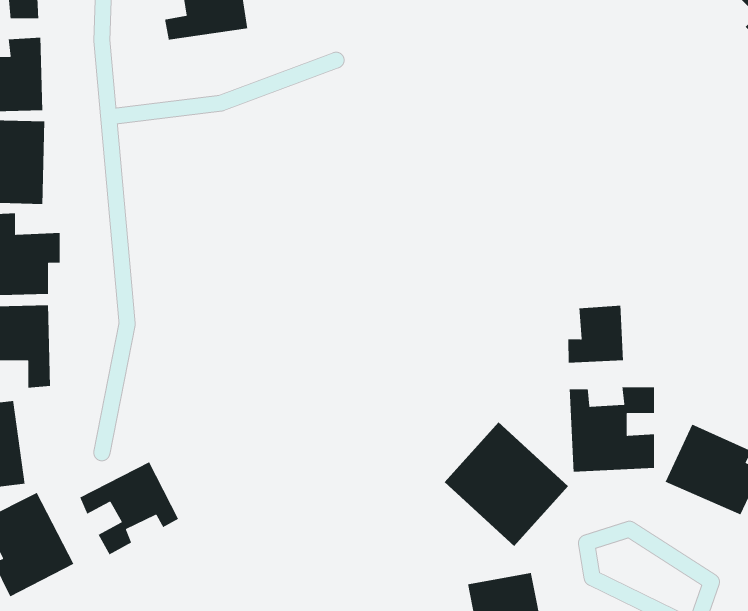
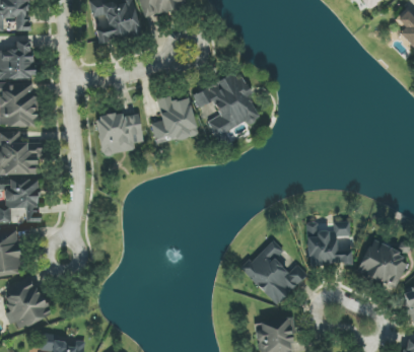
building: none -> [194,70,263,147]
building: none -> [151,94,197,143]
building: none -> [95,112,143,155]
building: [568,305,624,363] -> none
building: [79,461,179,555] -> none

